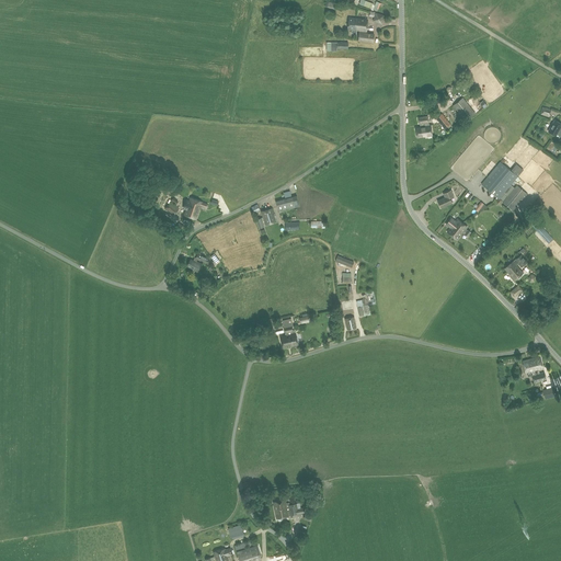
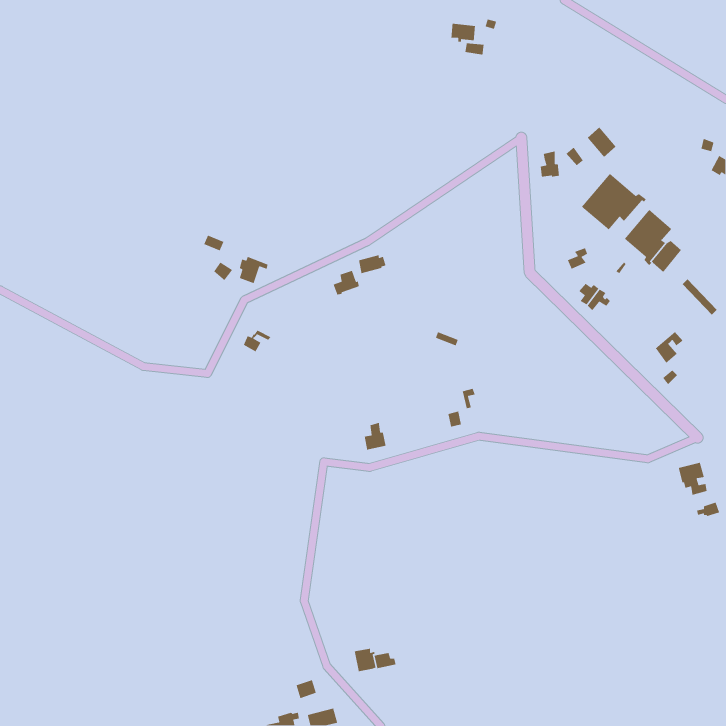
building: none -> [581,173,647,231]

